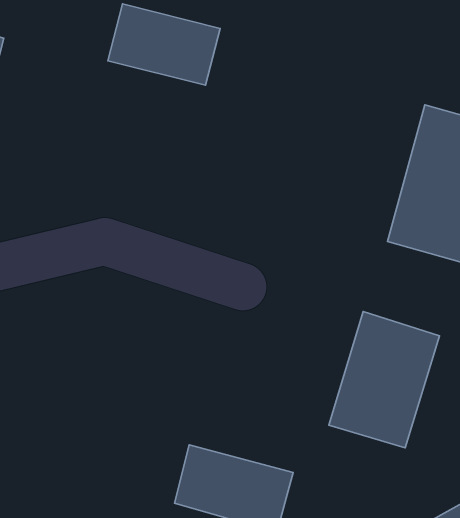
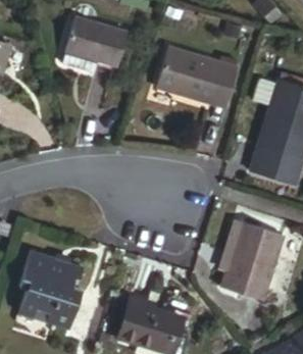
building: none -> [152,46,241,111]
building: none -> [19,247,83,325]

